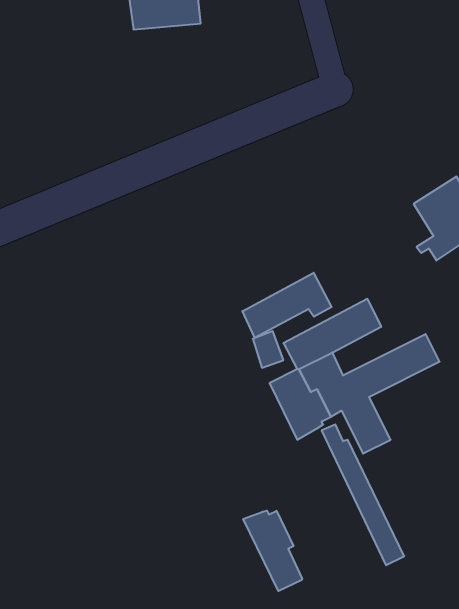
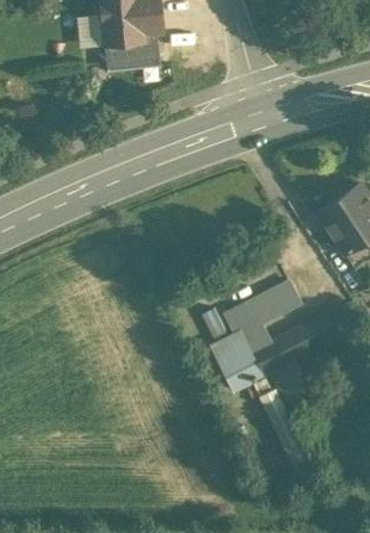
building: [242,273,332,338] -> none
building: [243,511,302,591] -> none

